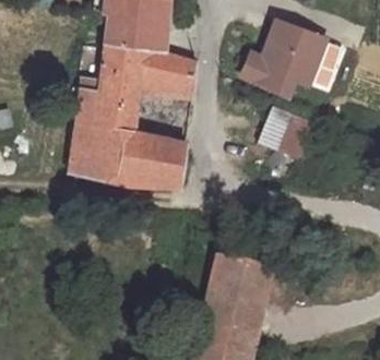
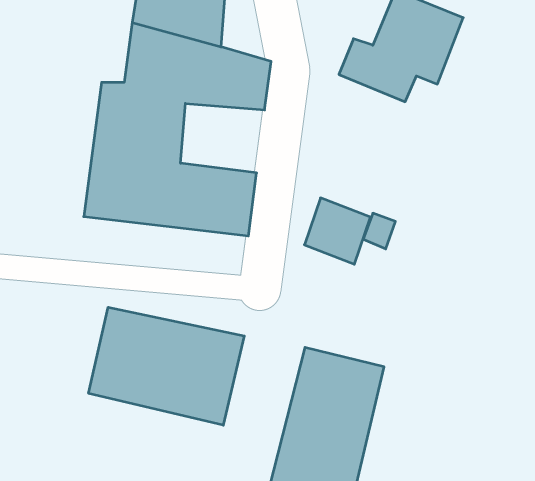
building: [262,109,307,154] -> [304,198,371,264]
building: none -> [89,307,244,425]

